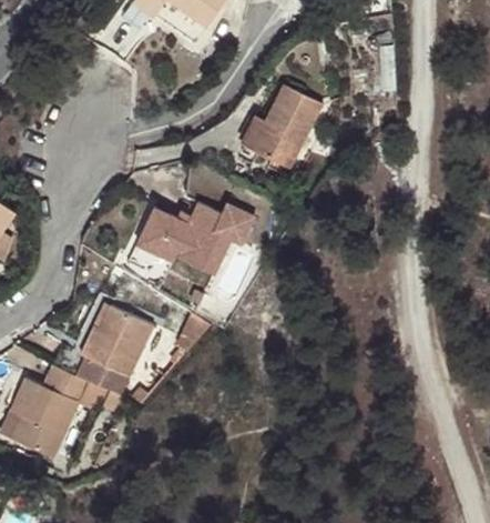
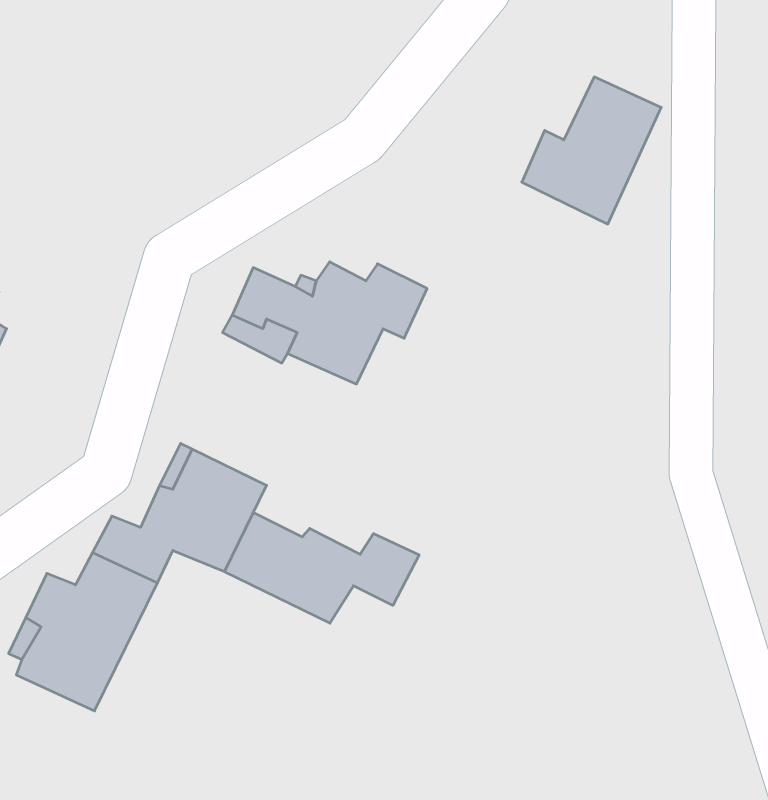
building: [242,82,323,168] -> [522,77,661,224]
building: none -> [224,513,419,623]

